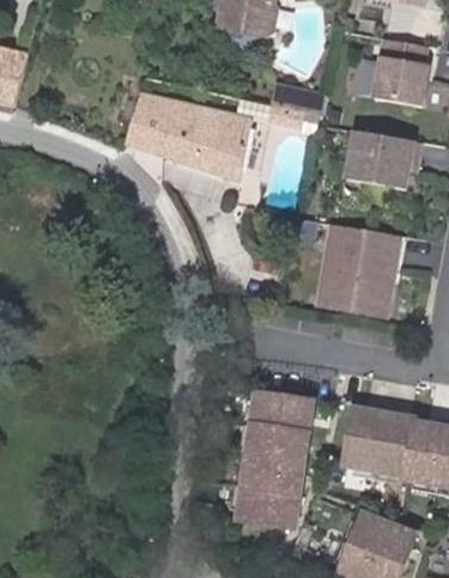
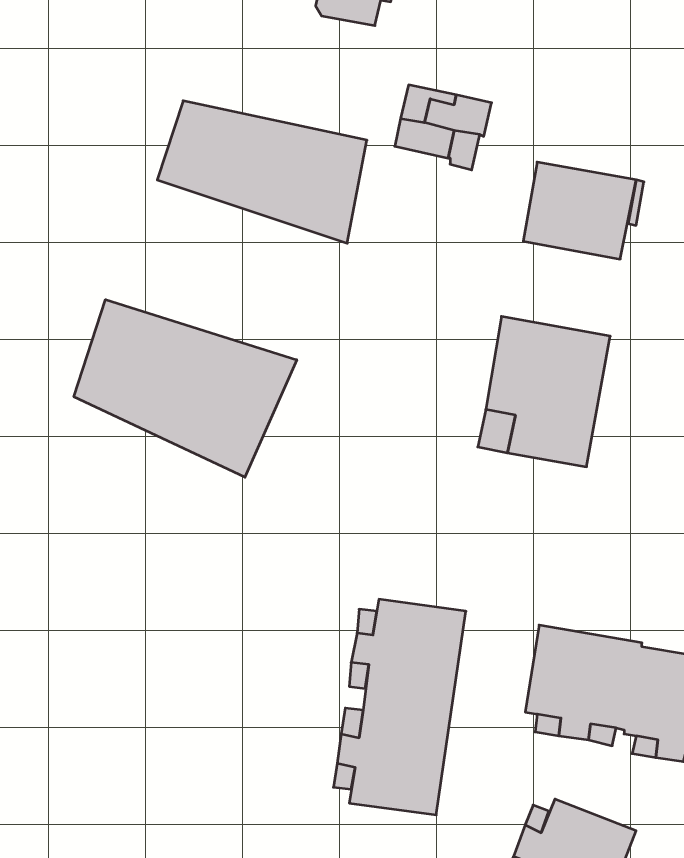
building: [376,38,430,107] -> none
building: none -> [74,300,297,477]

